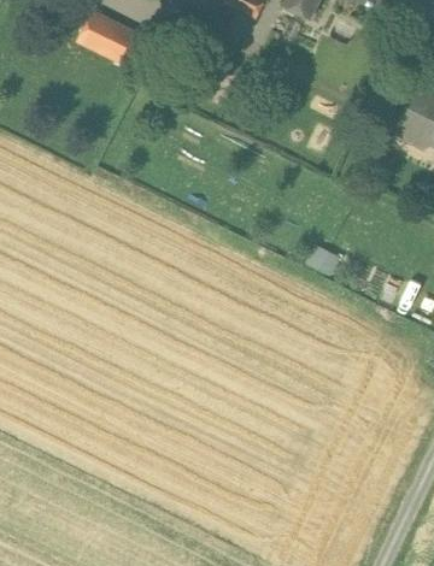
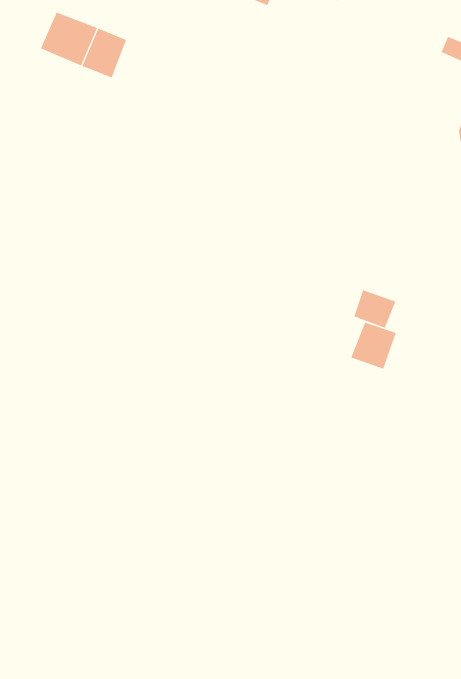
building: none -> [351,322,397,370]

